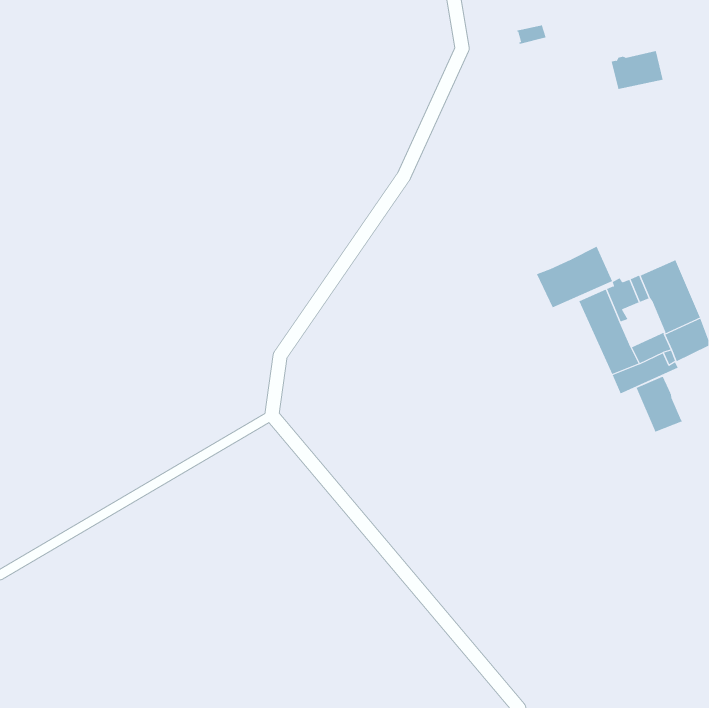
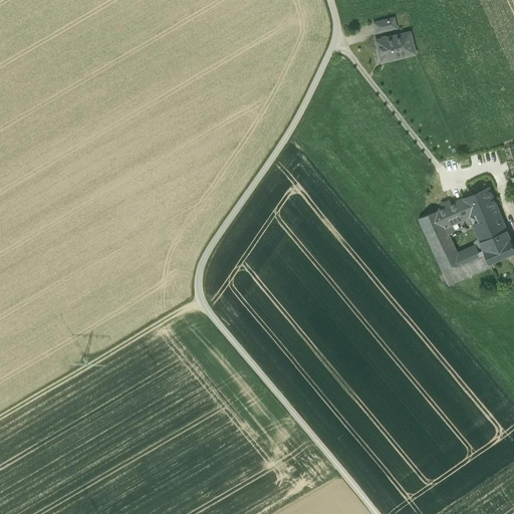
building: [611,51,664,89] -> [375,32,414,60]
building: [536,246,613,308] -> none
building: [636,376,683,433] -> none

